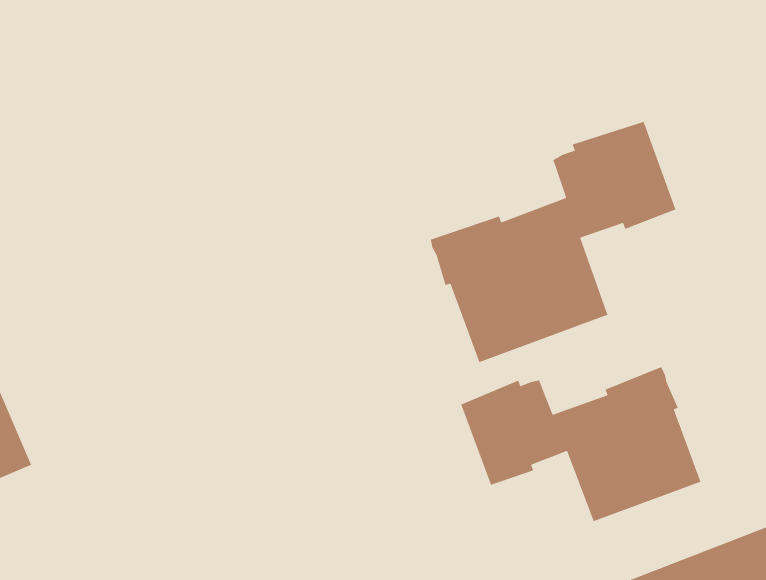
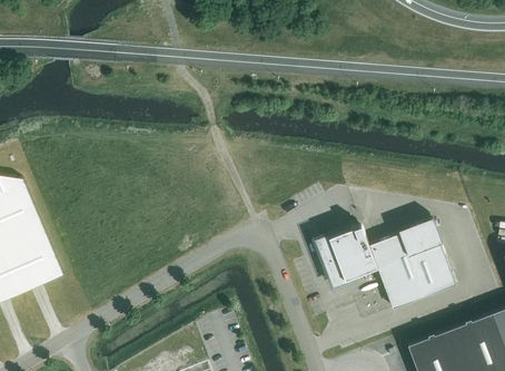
building: [430,121,677,363] -> none

